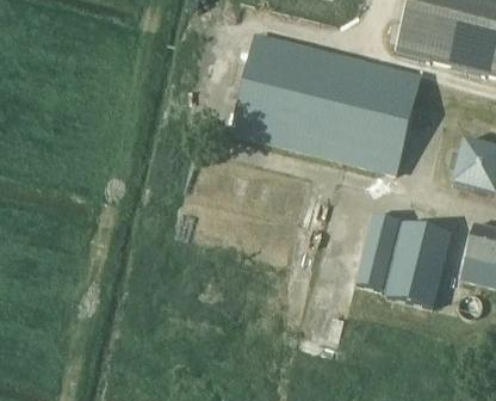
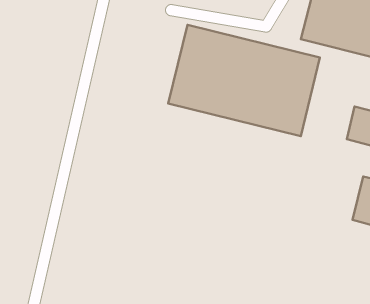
building: [355,212,398,288] -> none
building: [385,220,450,306] -> none

